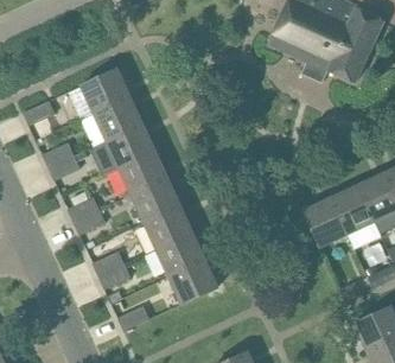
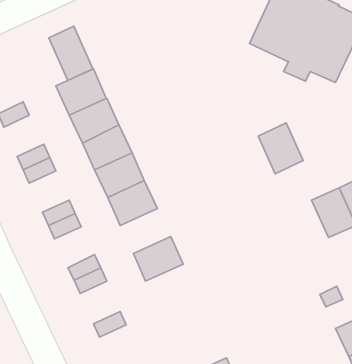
building: none -> [49,26,93,80]
building: [302,197,346,247] -> [258,123,303,174]
building: [142,205,192,249] -> none
building: [167,260,217,304] -> none

